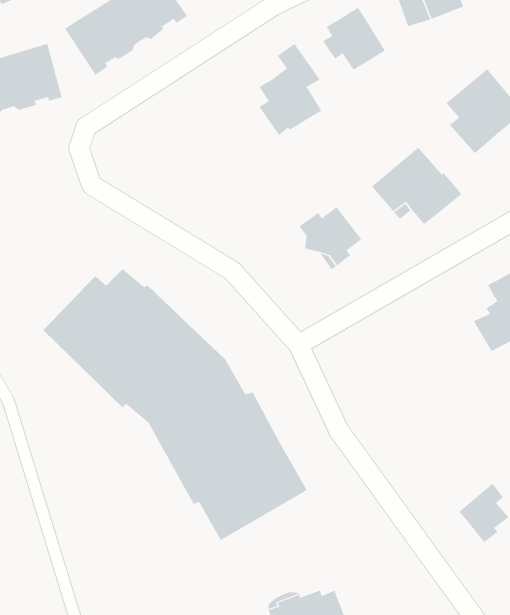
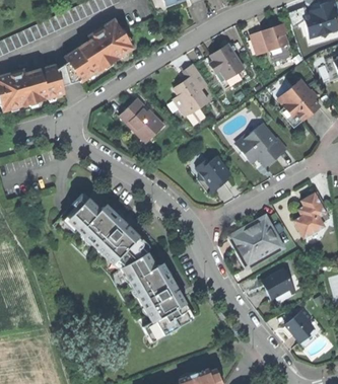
building: none -> [120,99,164,143]
building: none -> [227,215,283,267]
building: none -> [262,268,293,299]

